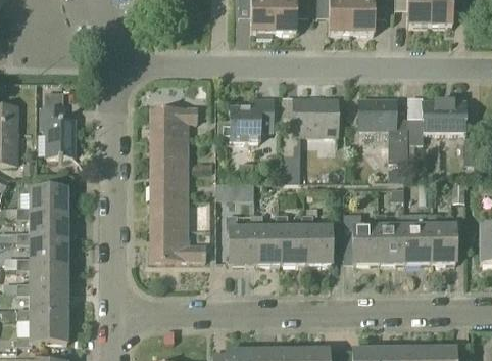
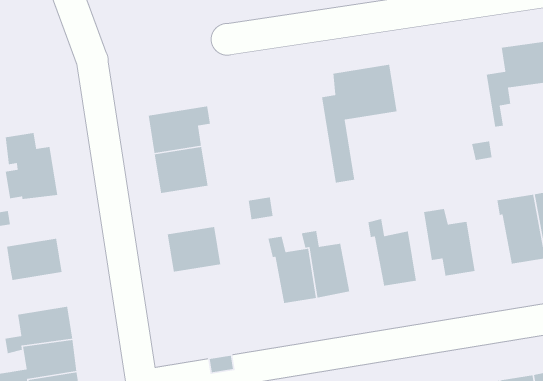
building: [219,99,273,141] -> none
building: [358,99,408,163] -> none
building: [151,168,188,198] -> none
building: [376,213,404,264] -> none
building: [277,214,306,264] -> none
building: [30,215,68,240] -> none
building: [151,228,206,260] -> none

